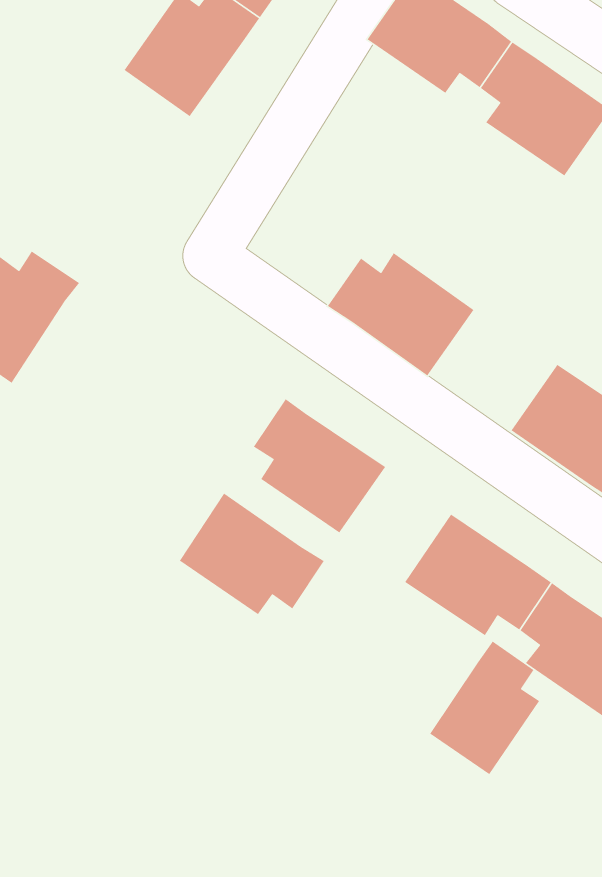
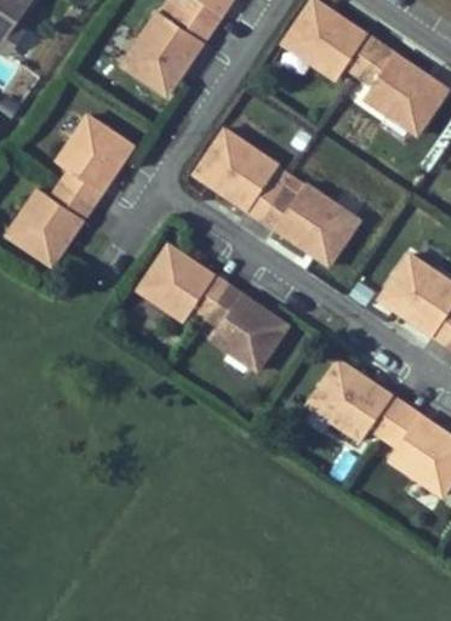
building: none -> [55,107,137,205]
building: none -> [190,129,280,221]
building: [179,492,325,615] -> [131,237,229,319]
building: [429,641,540,775] -> none

